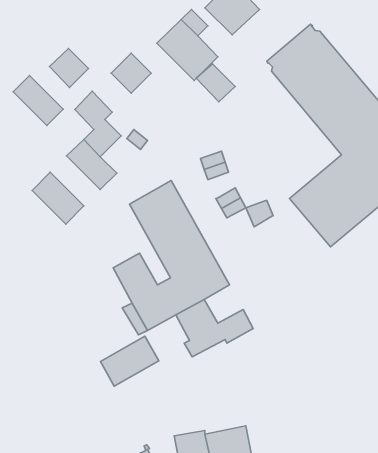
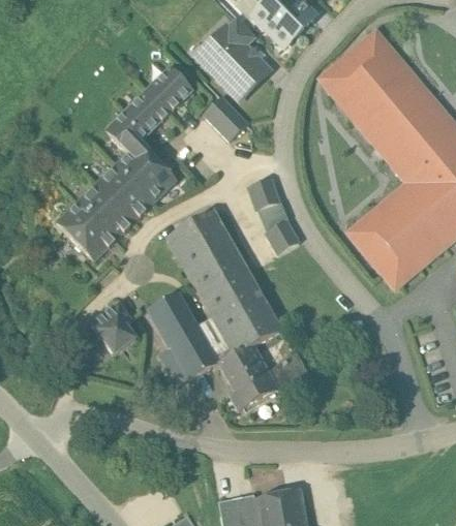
building: [49,48,88,87] -> [125,89,170,133]
building: [196,64,235,102] -> [204,96,248,140]
building: [13,75,63,125] -> [78,183,134,240]
building: none -> [134,160,177,203]
building: [246,200,273,227] -> [257,202,288,231]
building: none -> [91,304,136,357]
building: [100,336,159,386] -> none

